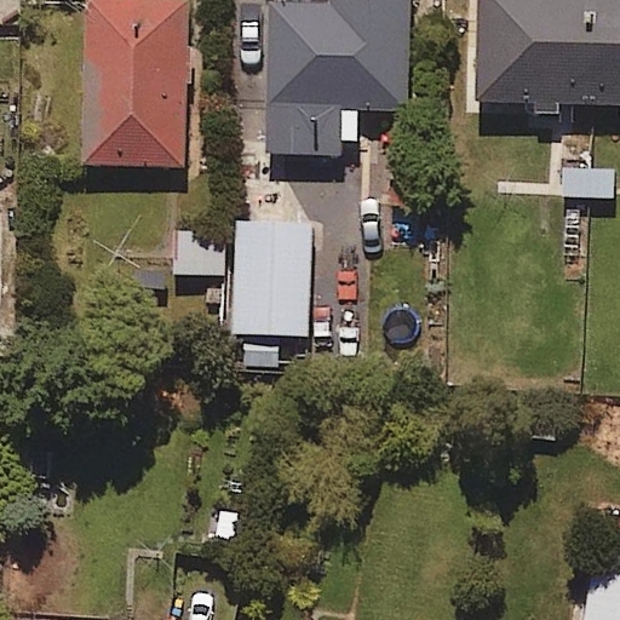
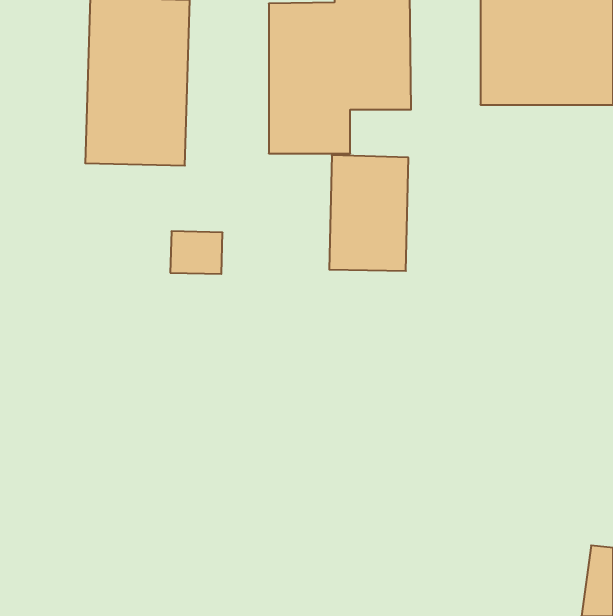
building: [231,219,310,334] -> [329,155,408,271]

